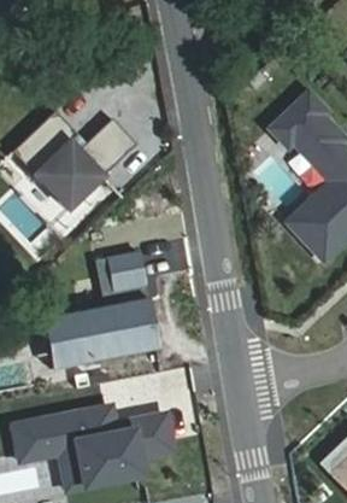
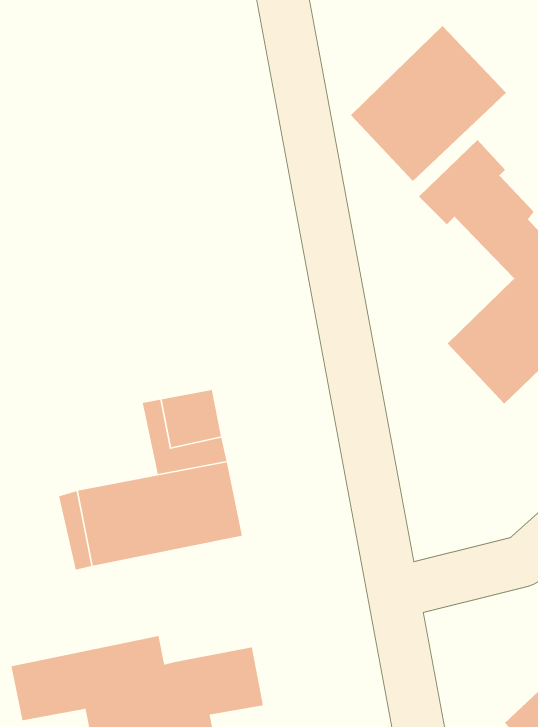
building: none -> [350,25,507,182]
building: [13,110,137,209] -> none

